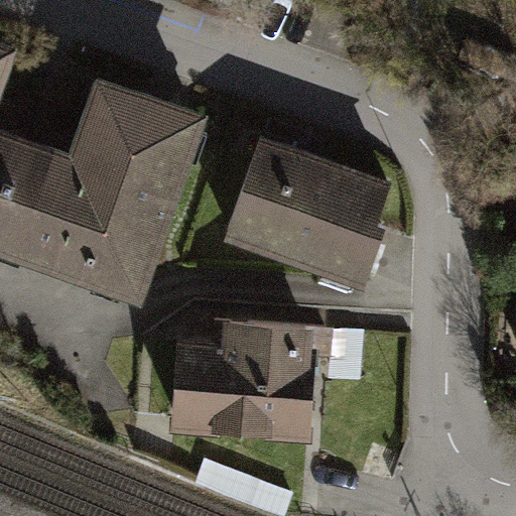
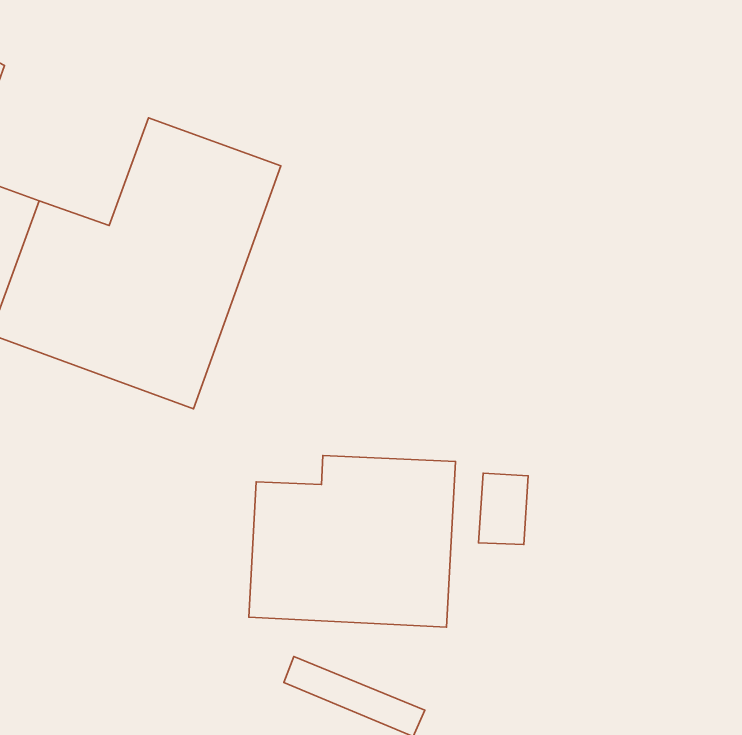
building: [226,137,388,285] -> none

